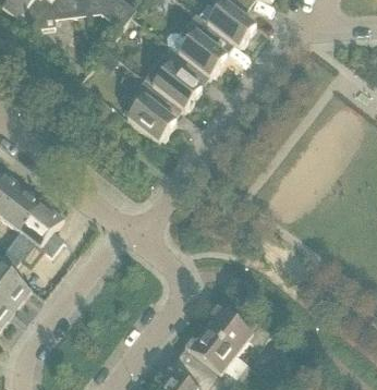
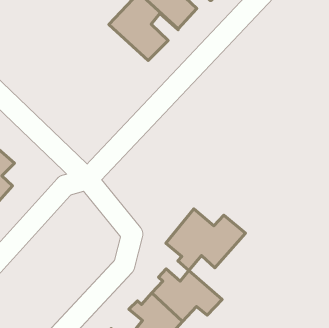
building: [126,77,184,143] -> none
building: none -> [166,209,246,271]

